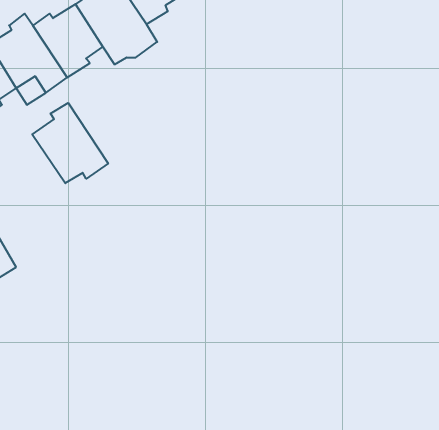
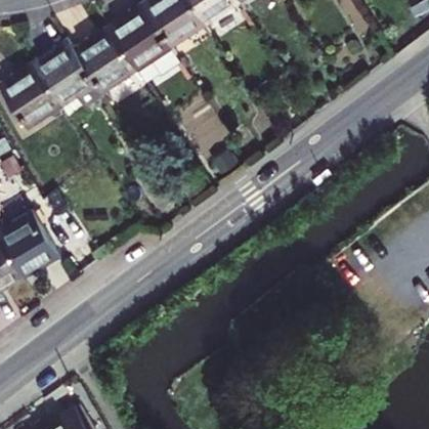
building: [32,103,108,183] -> none

